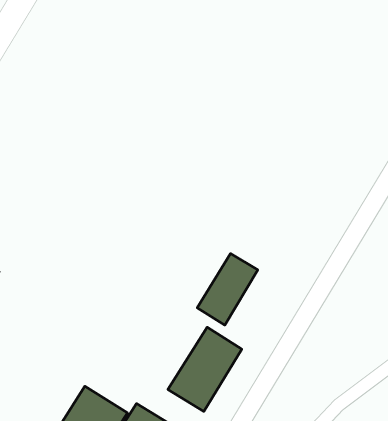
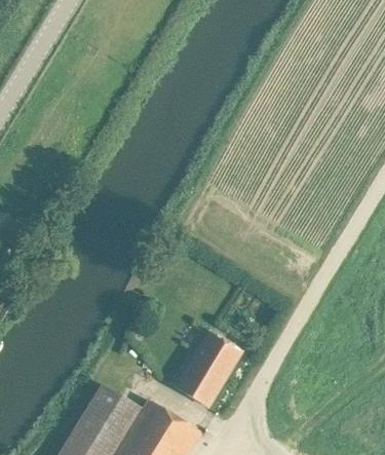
building: [197,254,258,325] -> none

